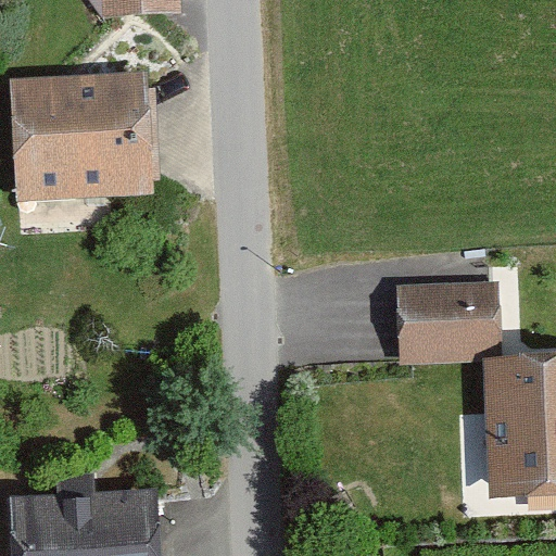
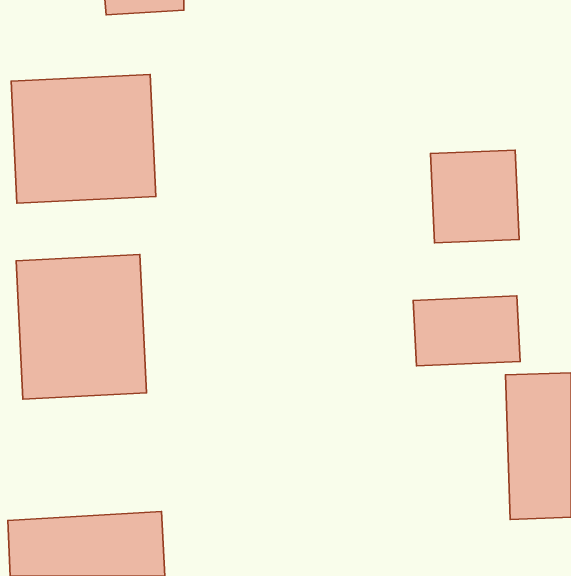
building: none -> [431,150,519,243]
building: none -> [16,255,147,399]

